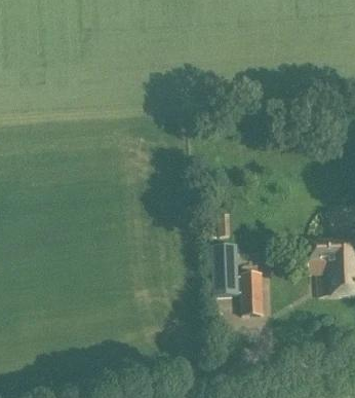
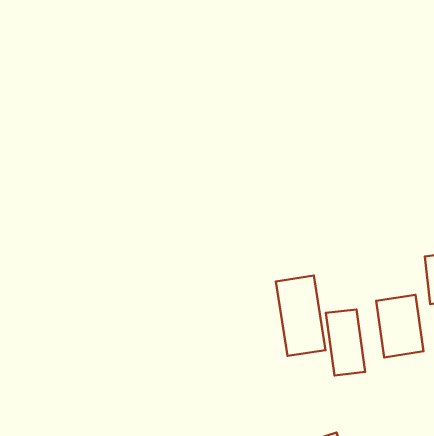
building: none -> [376,295,423,357]

